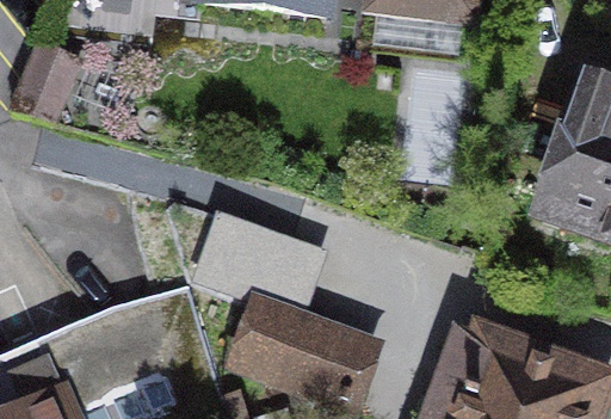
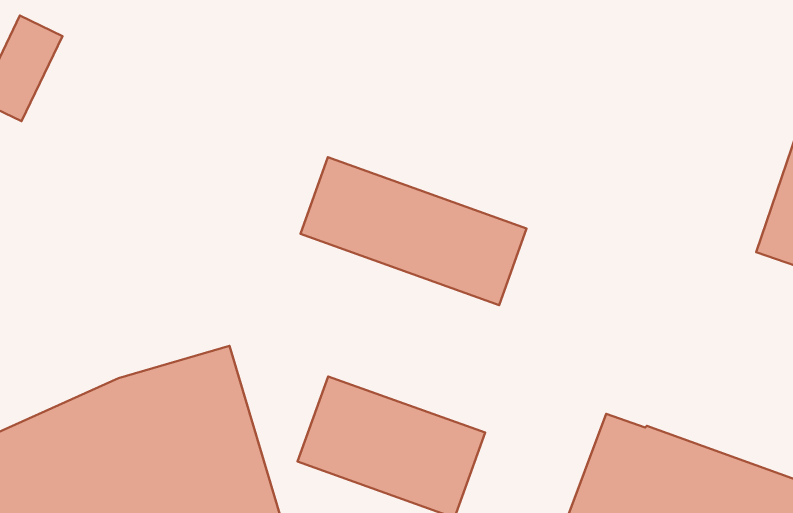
building: none -> [301,157,527,305]

